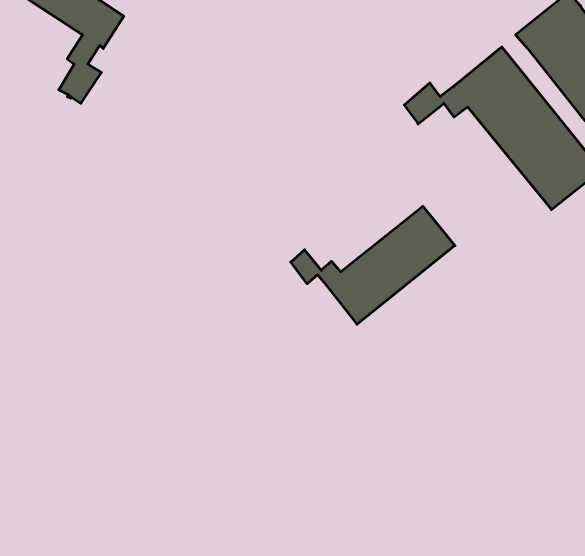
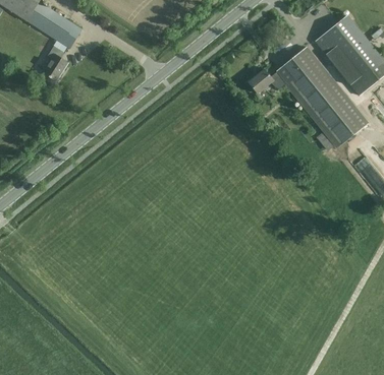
building: [291,206,455,324] -> none

